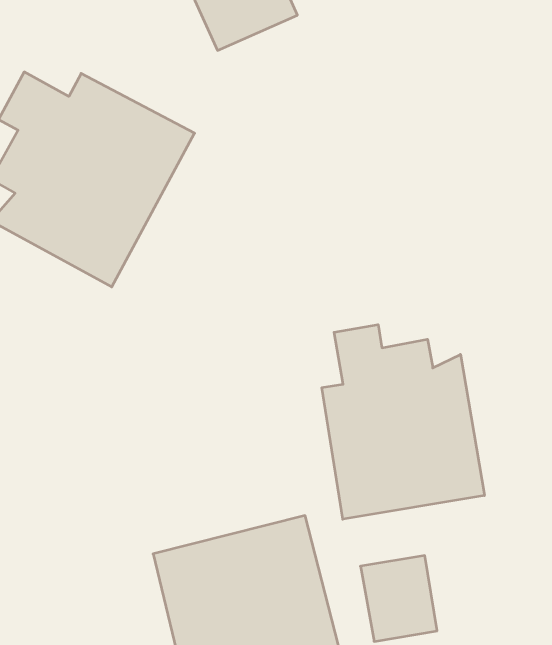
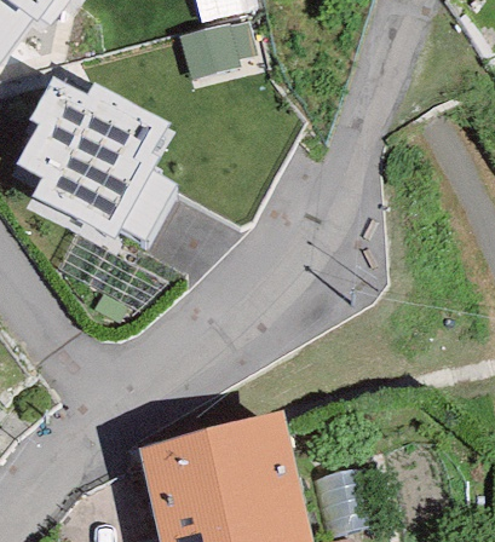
building: [322,325,484,519] -> none

